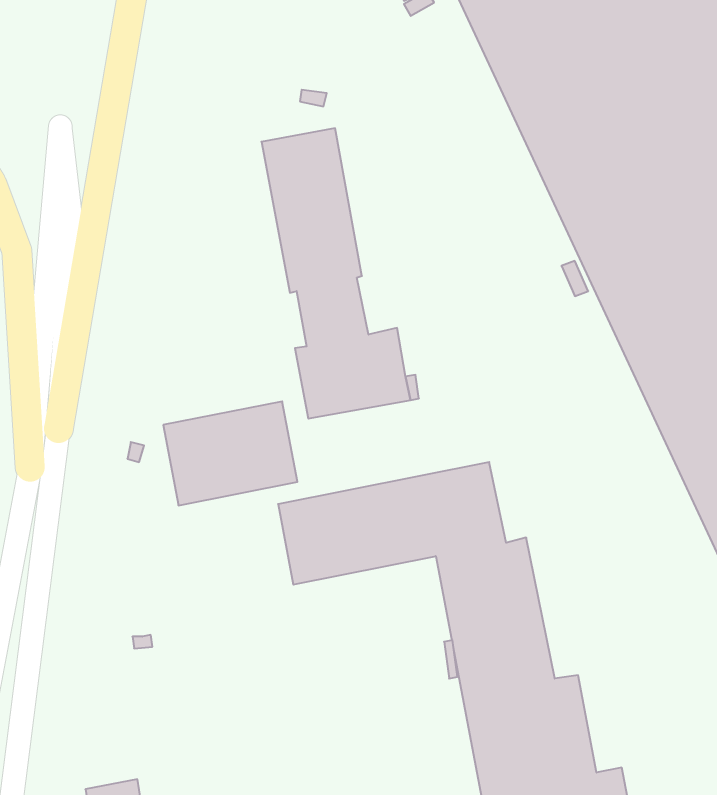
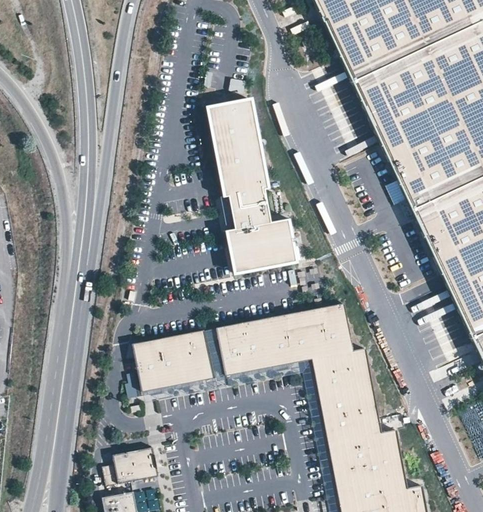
building: [163,401,297,505] -> [133,329,213,391]
building: none -> [103,447,158,484]

